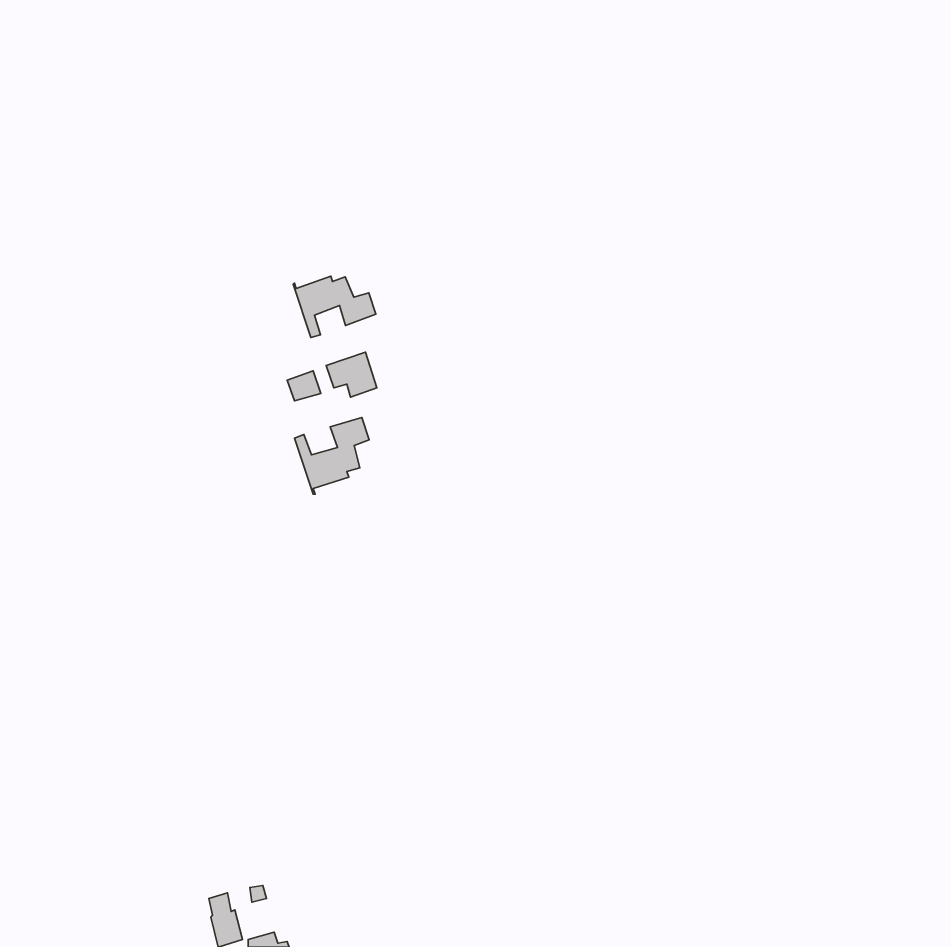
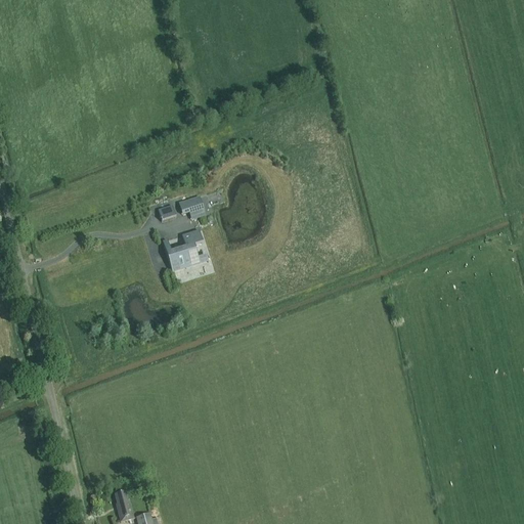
building: [293,276,376,338] -> none

